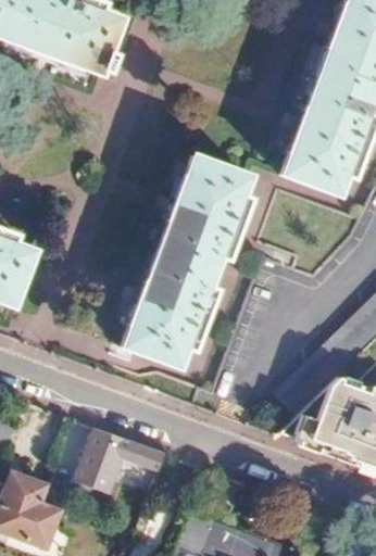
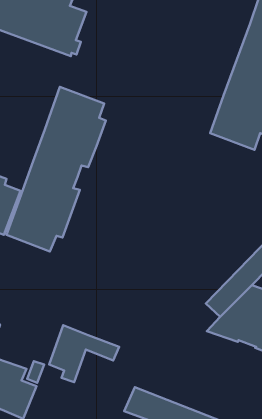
building: [124,155,253,369] -> [6,87,106,252]

